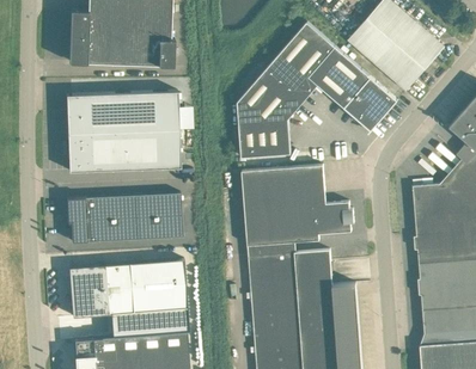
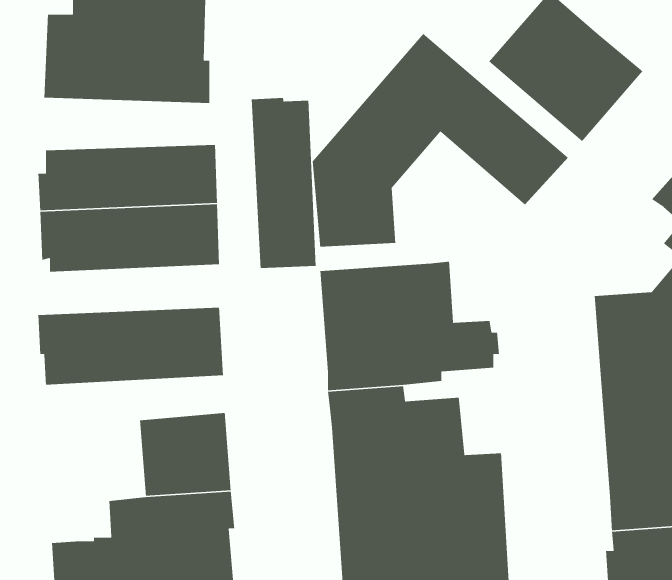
building: none -> [251,97,316,269]
building: [68,264,133,316] -> none

